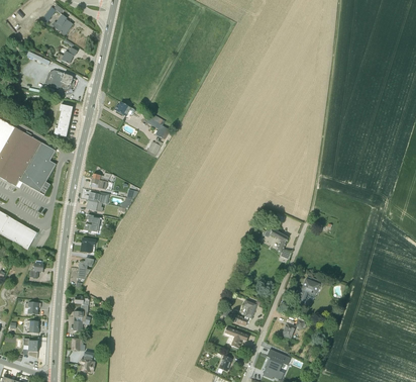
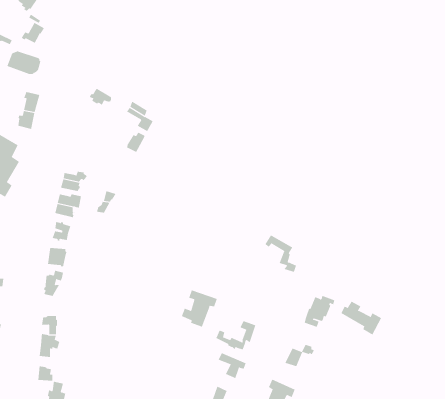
building: none -> [181,289,218,327]
building: none -> [340,301,382,335]

